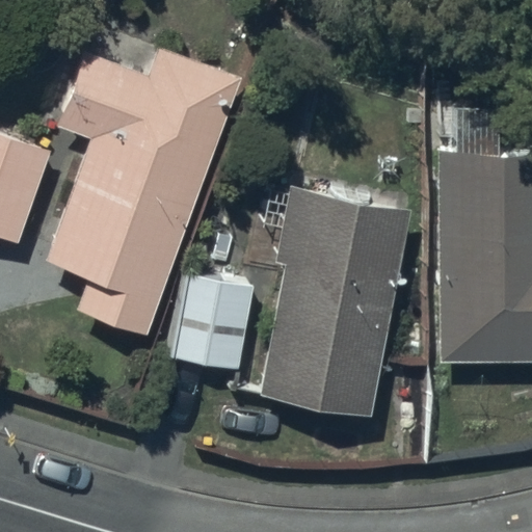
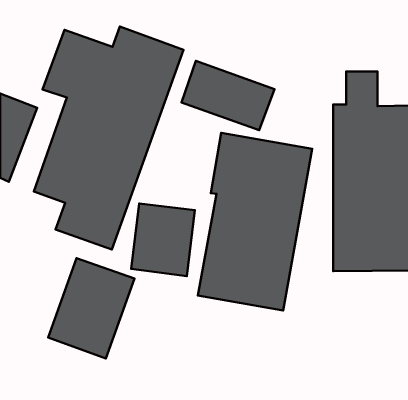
building: none -> [182,61,274,130]
building: none -> [48,258,135,359]

